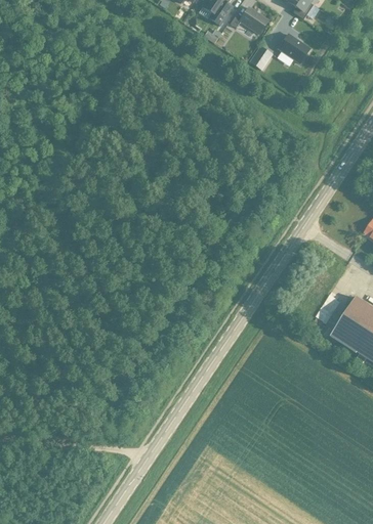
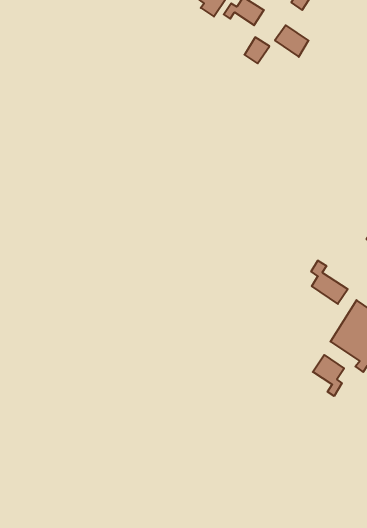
building: none -> [311,260,348,304]
building: none -> [313,355,344,396]

